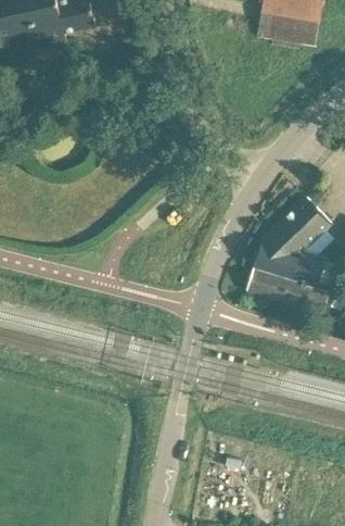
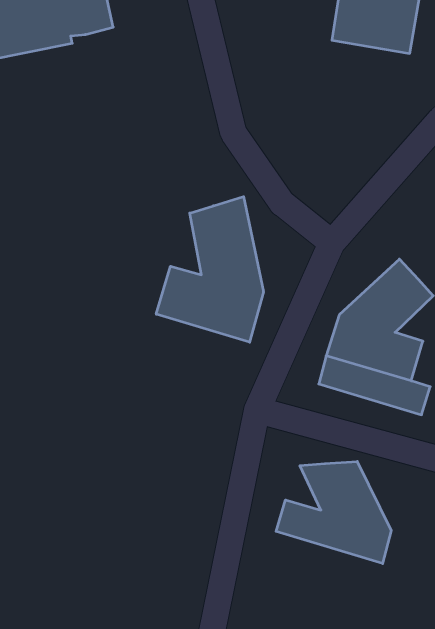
building: none -> [156,197,263,342]
building: none -> [276,461,391,564]

